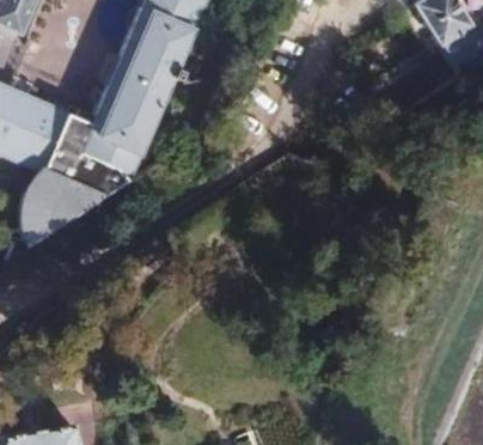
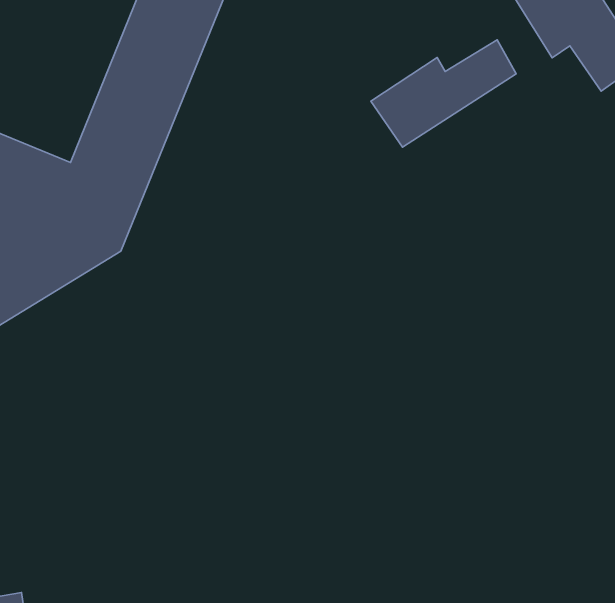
building: none -> [371,40,516,147]

